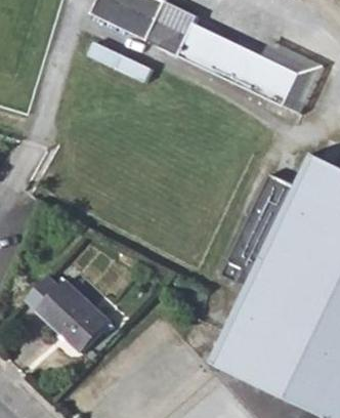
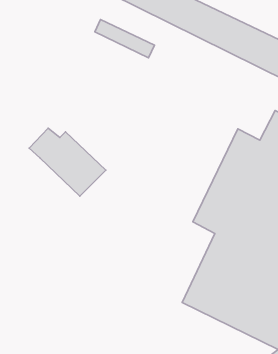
building: [18,276,100,348] -> [29,128,106,196]

